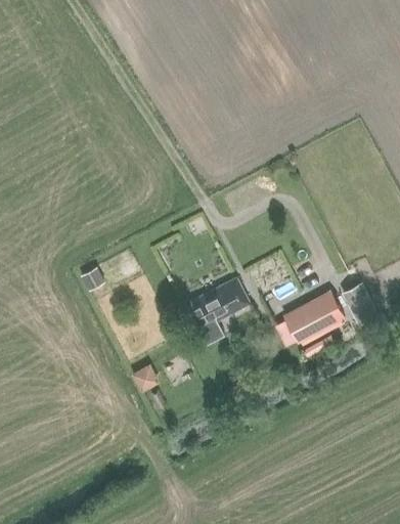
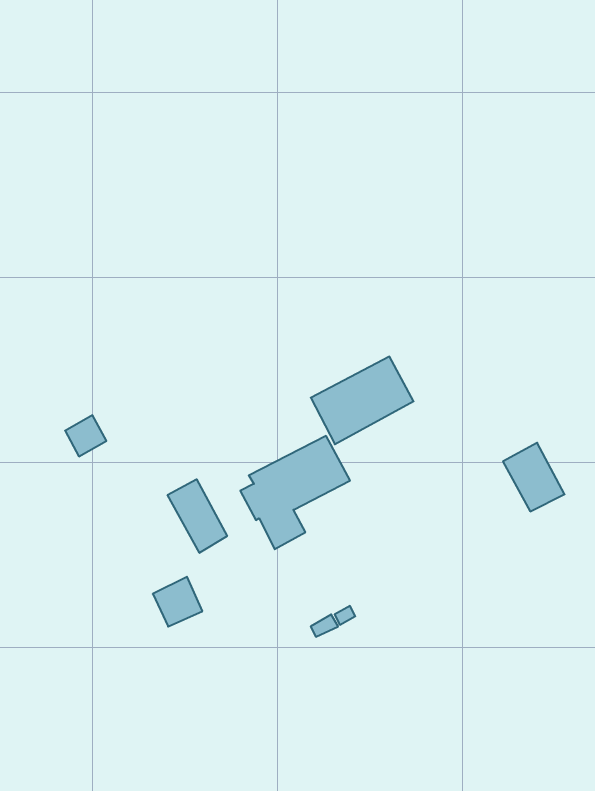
building: [282,292,344,344] -> [311,357,414,444]
building: none -> [168,479,227,553]

